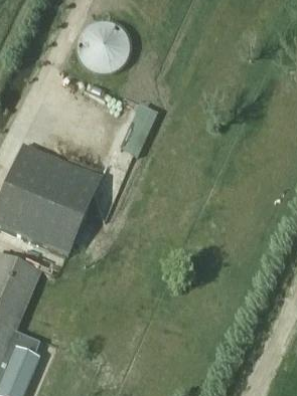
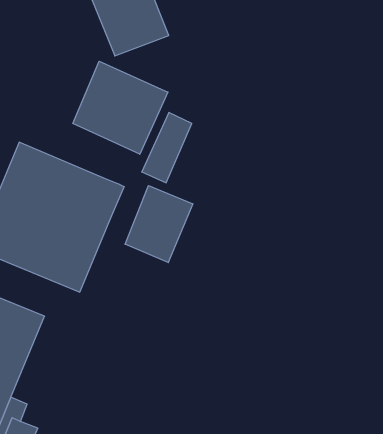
building: none -> [73,61,168,154]
building: none -> [125,186,193,263]

